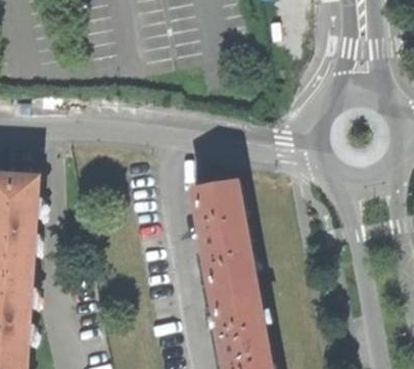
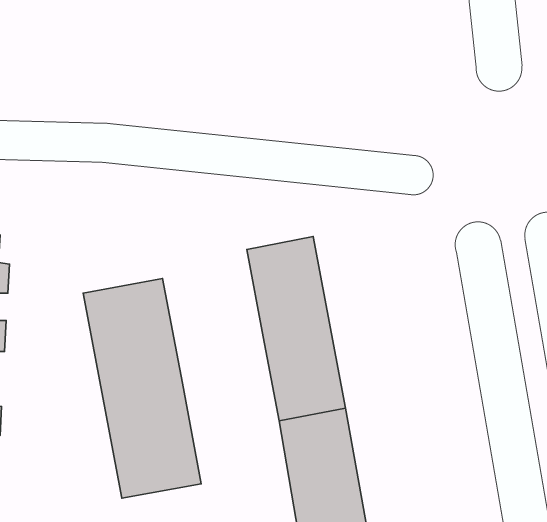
building: none -> [83,279,201,498]

